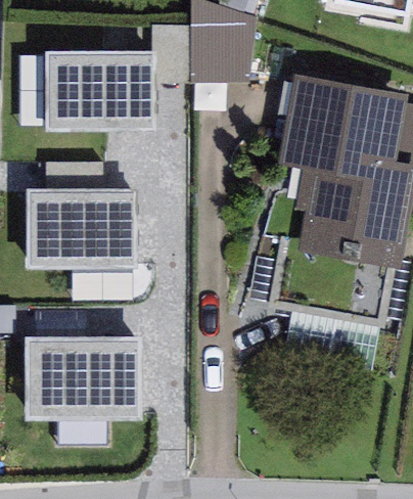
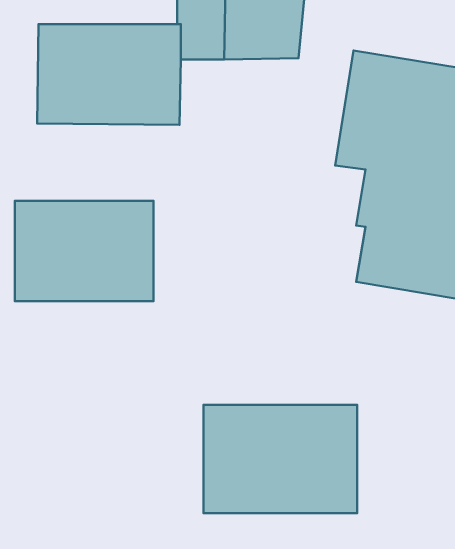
building: [24,336,140,419] -> none
building: none -> [203,405,357,513]

